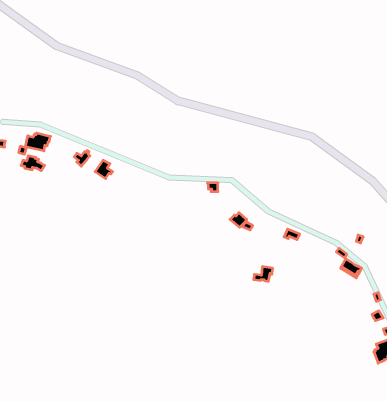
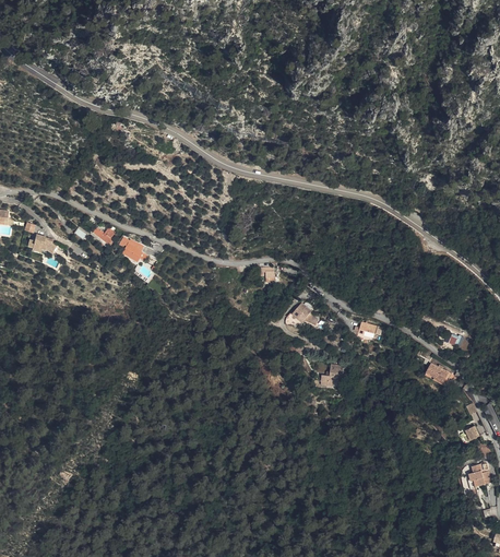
building: [25,133,51,151] -> none

